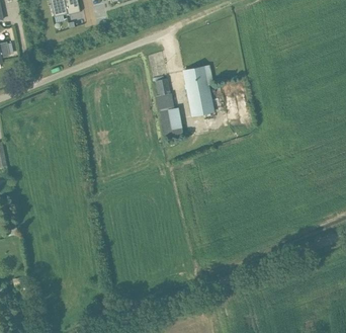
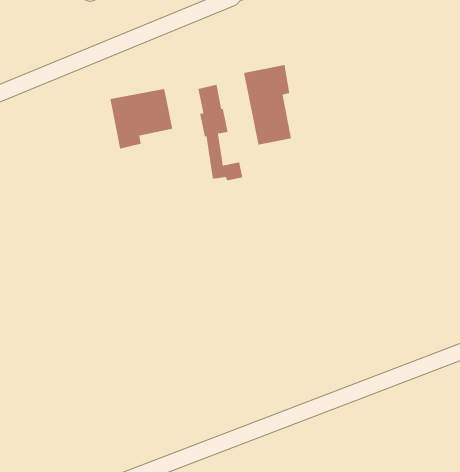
building: none -> [109,88,173,149]

